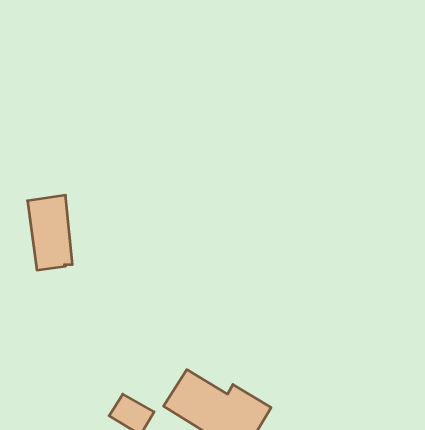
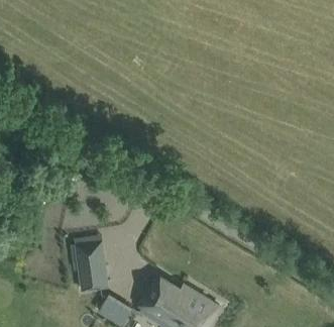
building: [27,195,72,270] -> [74,234,107,290]

